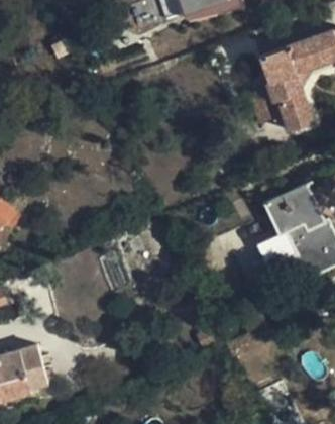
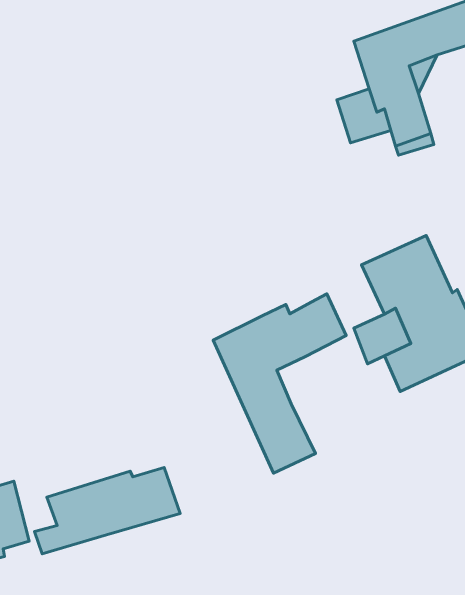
building: none -> [213,294,346,473]
building: none -> [35,468,180,554]

